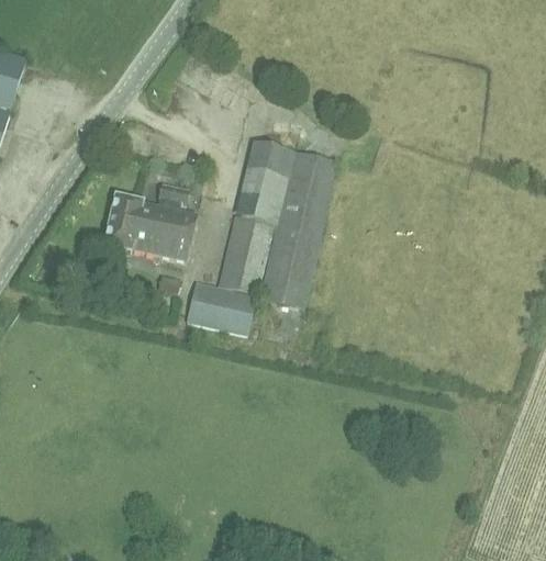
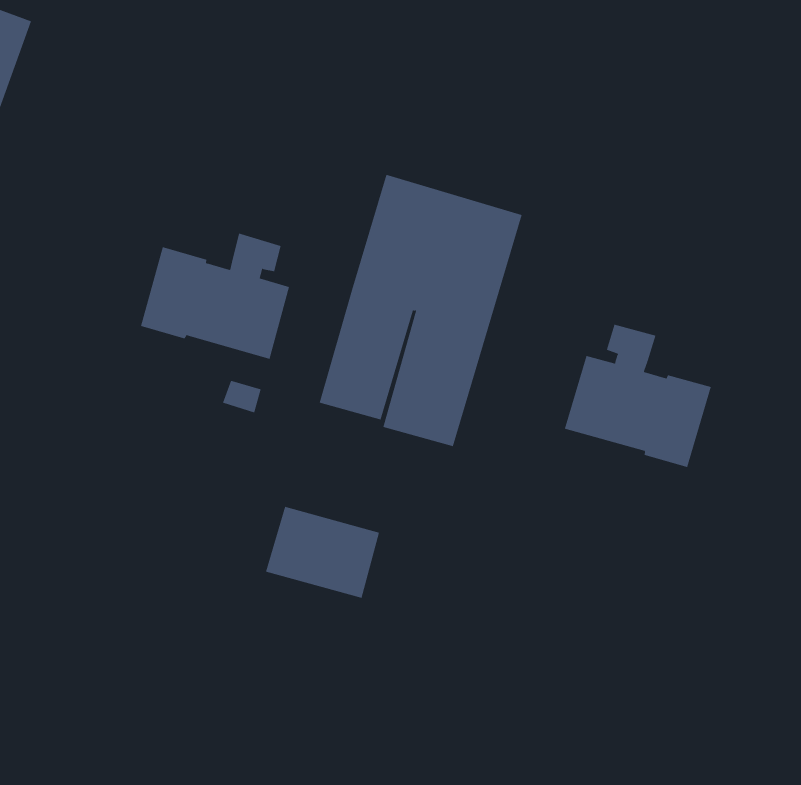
building: none -> [564,324,711,468]
building: [186,280,256,335] -> [265,506,380,598]

